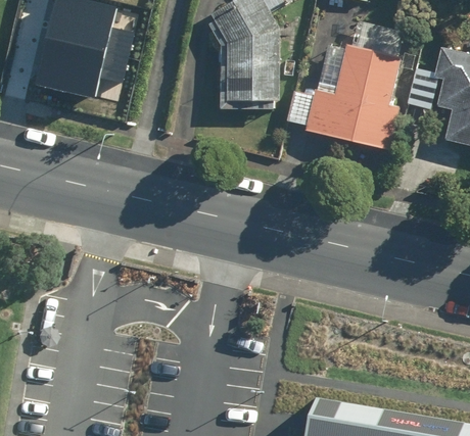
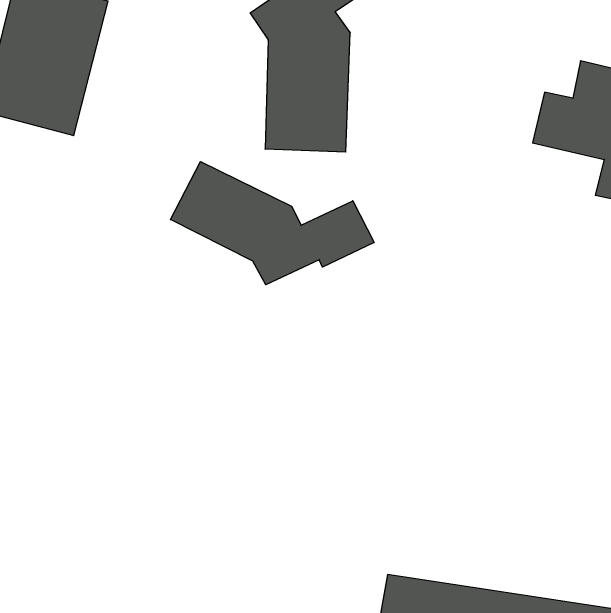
building: [287,19,407,149] -> none
building: none -> [170,162,374,285]

